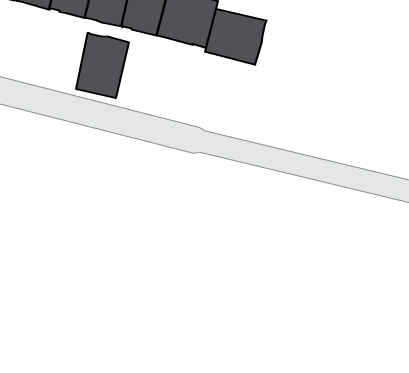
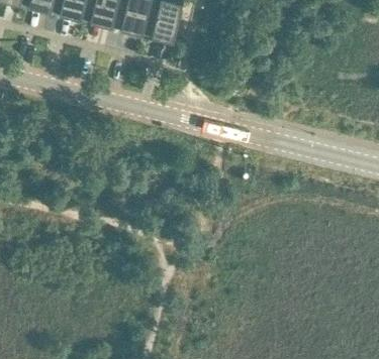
building: [205,9,267,65] -> none
building: [76,33,129,98] -> none

